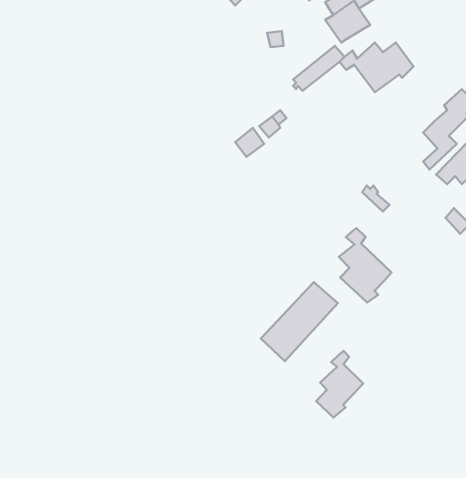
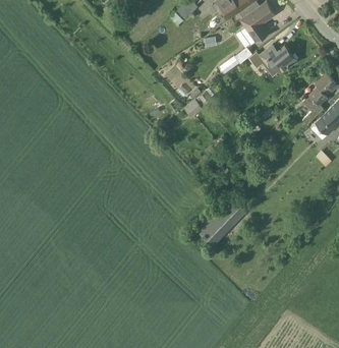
building: [339,228,391,302] -> none
building: [316,351,363,418] -> none

